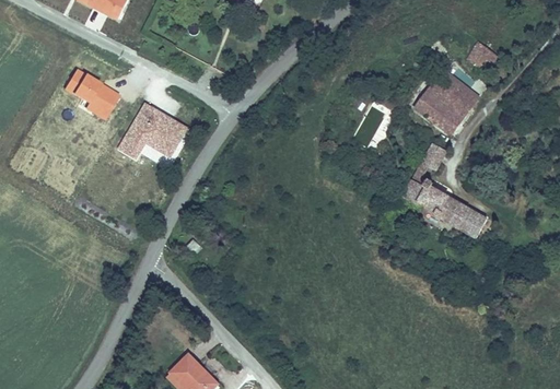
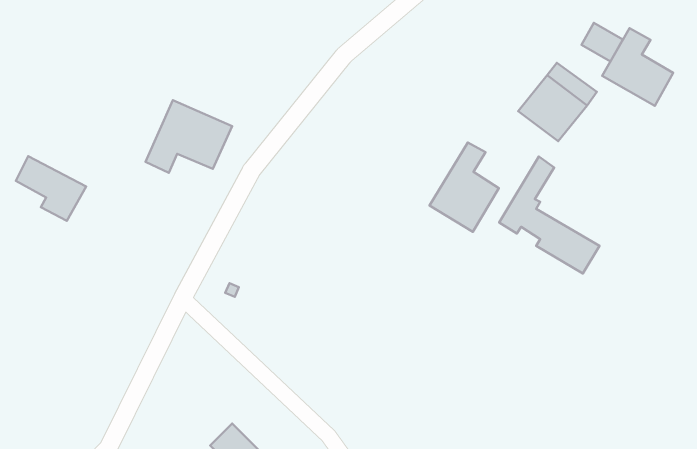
building: none -> [602,28,673,106]
building: [65,67,120,118] -> [16,156,86,221]
building: none -> [430,142,499,232]

